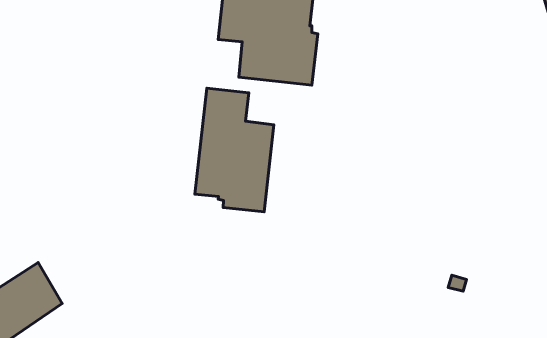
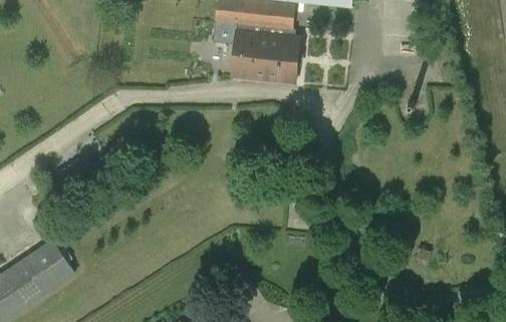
building: [195,88,274,212] -> none

